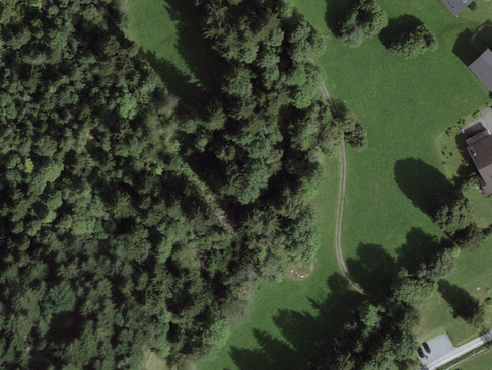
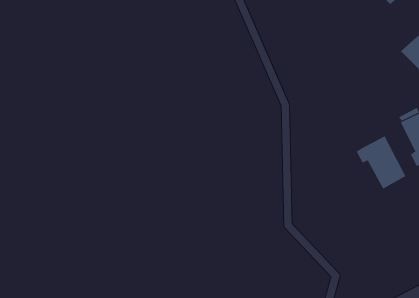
building: none -> [356,136,406,189]

